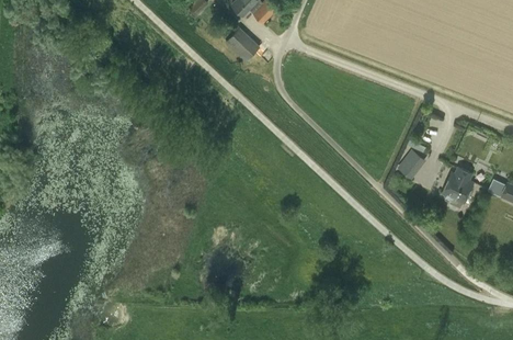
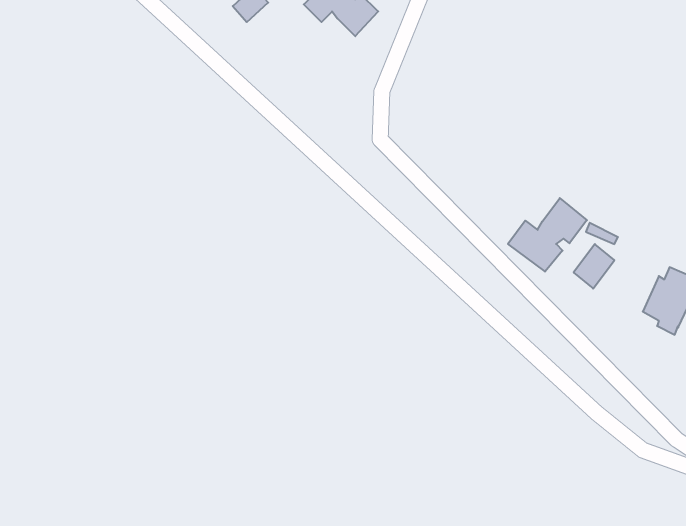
building: [225,27,259,60] -> none
building: none -> [508,198,587,272]

